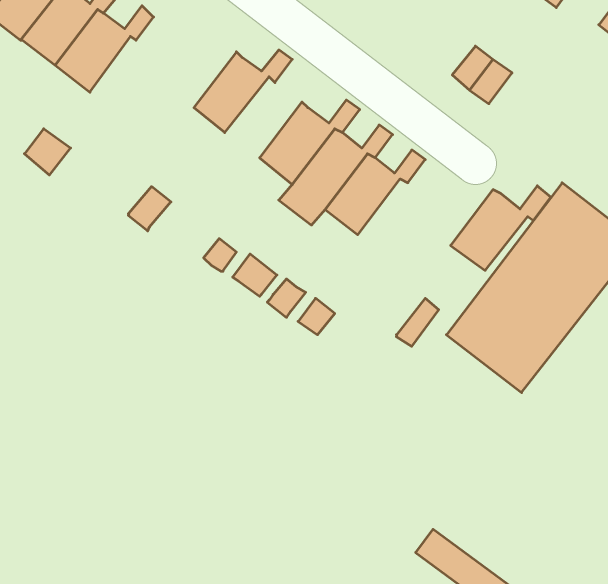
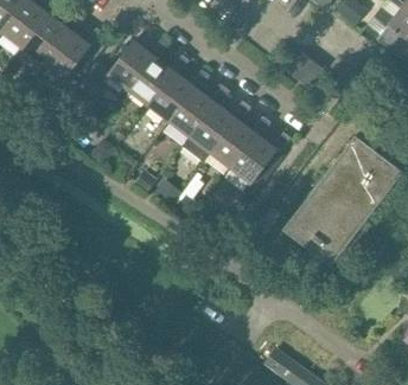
building: none -> [107,39,168,90]
building: none -> [147,70,209,121]
building: [451,186,551,270] -> [229,131,291,184]

